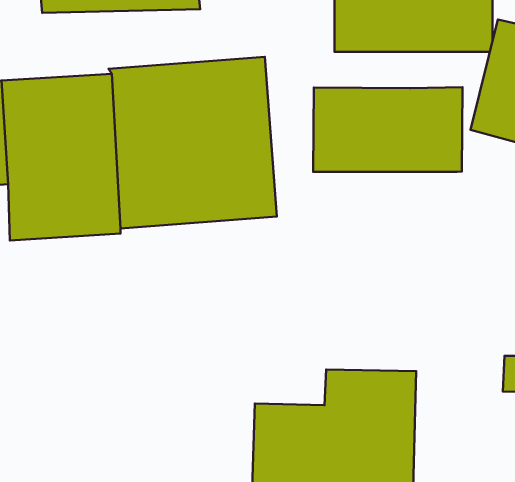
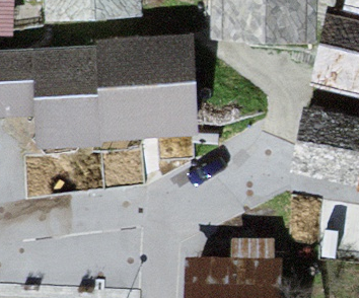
building: [313,87,462,172] -> none

